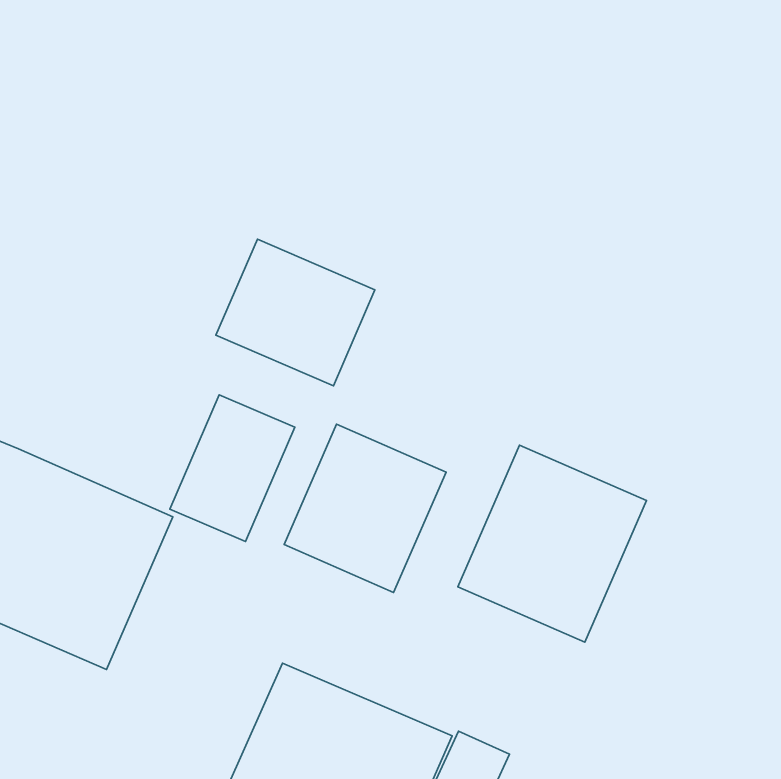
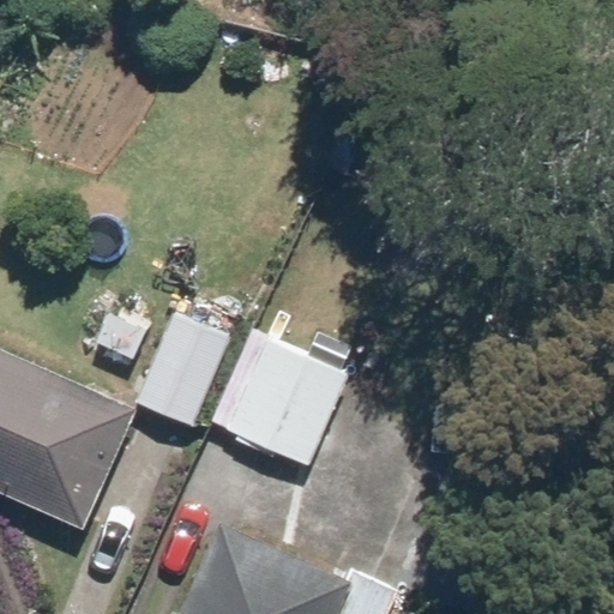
building: [216,239,375,386] -> none
building: [458,445,647,642] -> none

